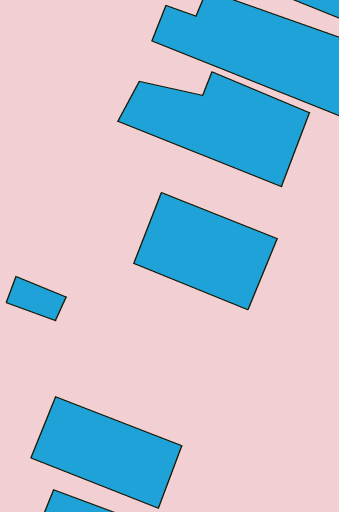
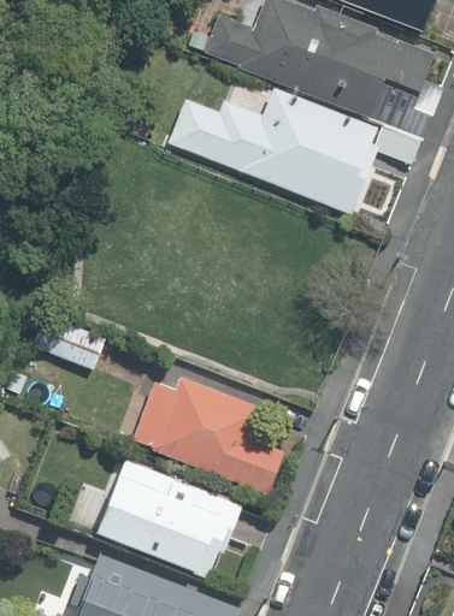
building: [134,193,277,310] -> none
building: none -> [132,379,287,492]

